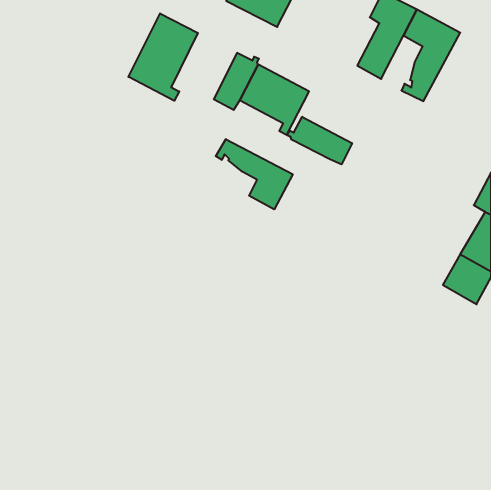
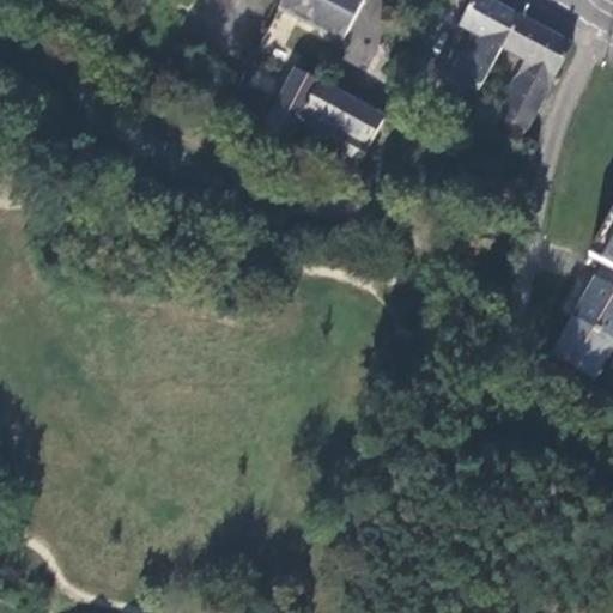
building: [128,13,198,101] -> none
building: [287,117,352,164] -> none
building: [216,139,293,209] -> none

